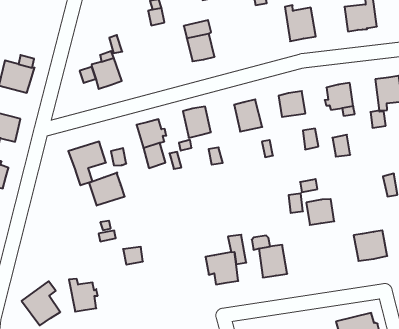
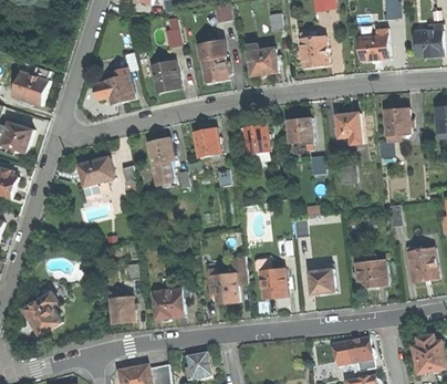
building: none -> [247,42,278,76]
building: none -> [149,59,178,91]
building: [89,172,125,206] -> none
building: [306,199,334,225] -> [308,268,334,292]
building: none -> [153,287,185,319]
building: [69,279,98,312] -> [108,290,136,322]

